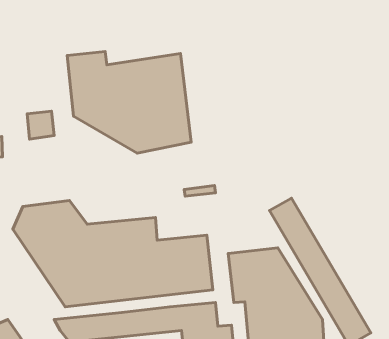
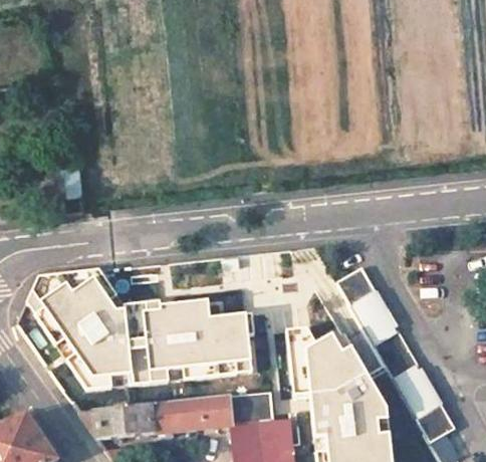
building: [67,52,191,153] -> none

